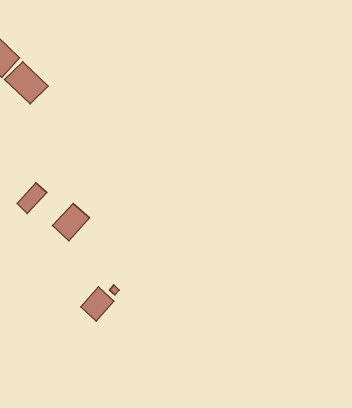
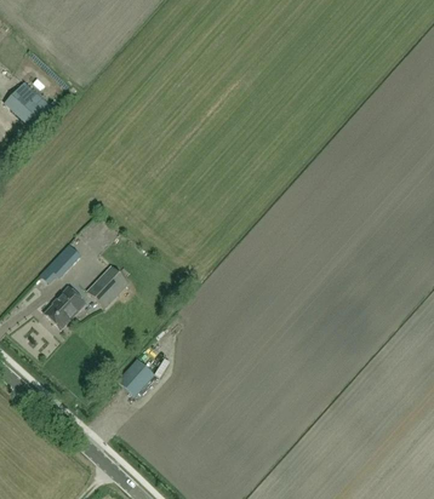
building: [5,62,48,104] -> none
building: none -> [44,286,85,328]

